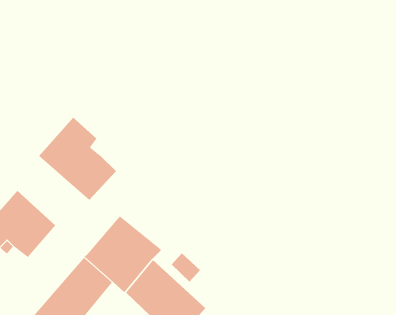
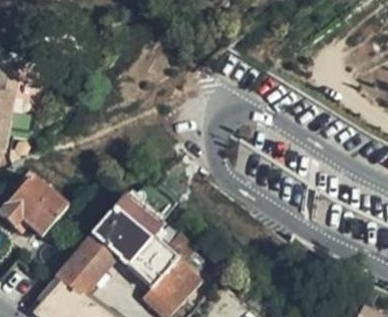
building: [38,117,117,201] -> none

